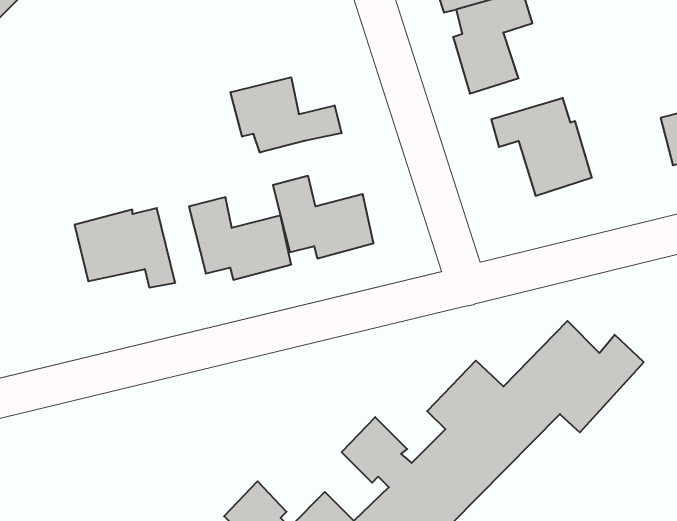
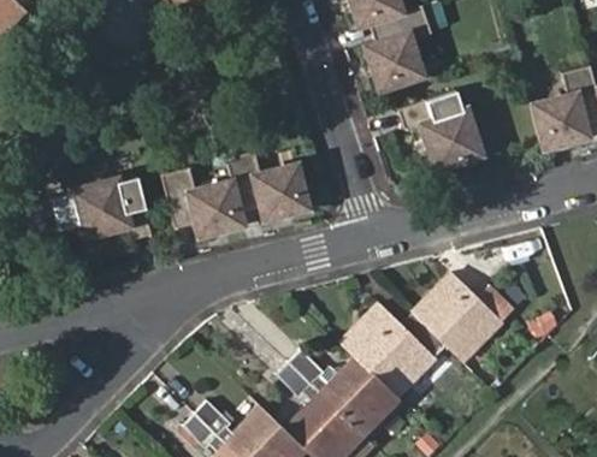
building: [231,77,342,153] -> none

